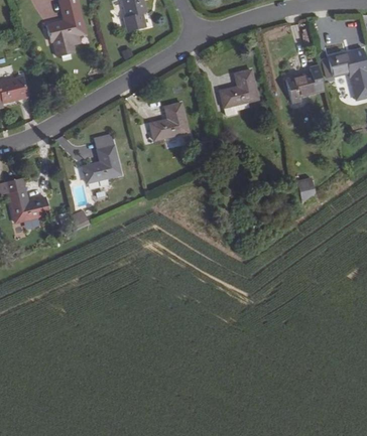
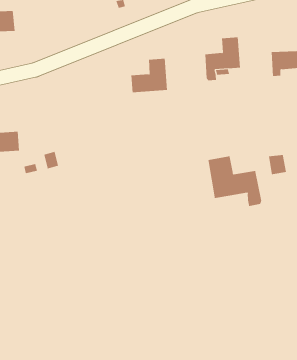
building: [81,144,120,182] -> none
building: none -> [208,156,262,207]

